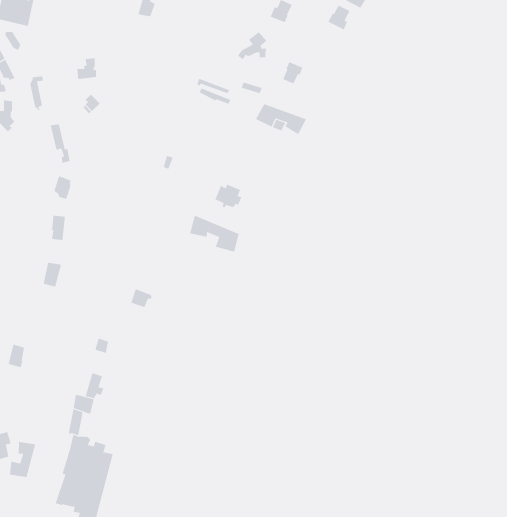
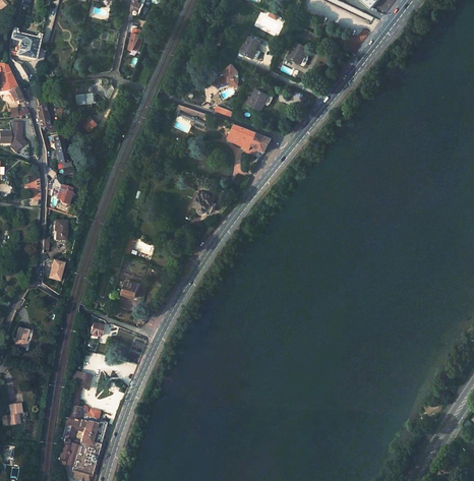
building: [189,215,239,252] -> none
building: [9,441,36,478] -> none

